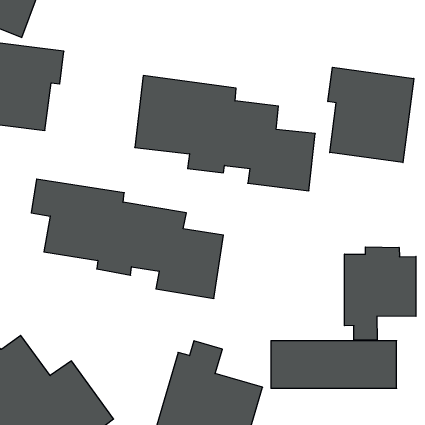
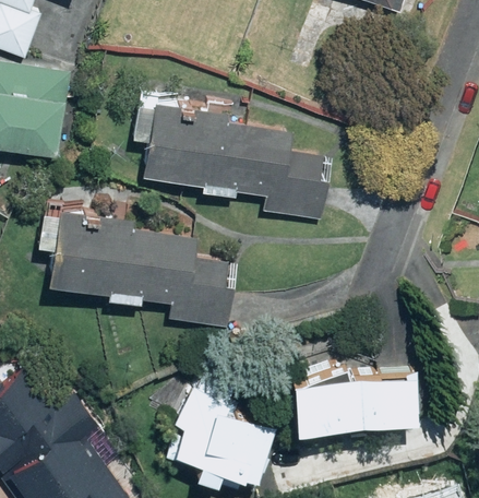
building: [328,67,414,163] -> none
building: [344,247,416,340] -> none

